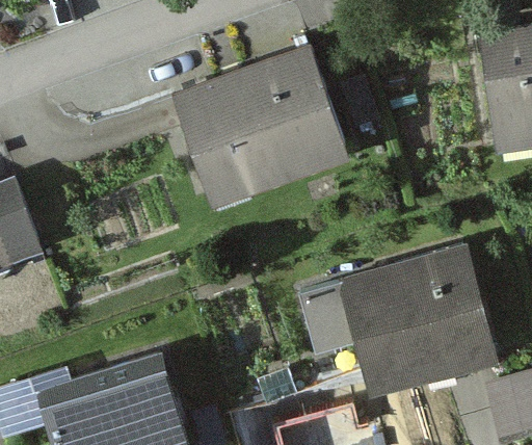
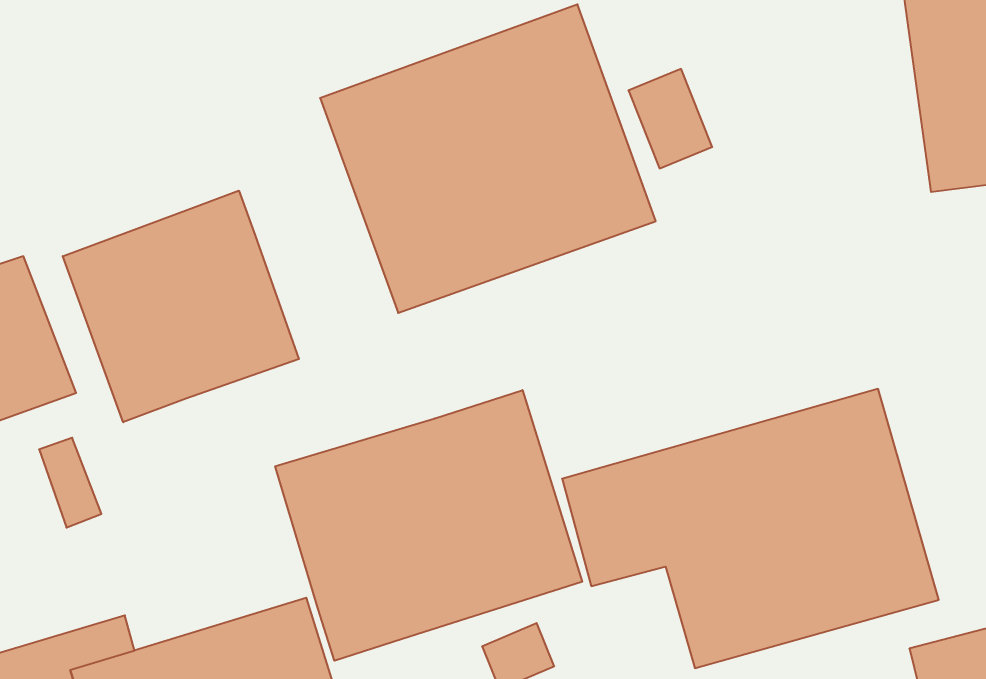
building: none -> [63,191,299,422]
building: none -> [275,390,582,661]

